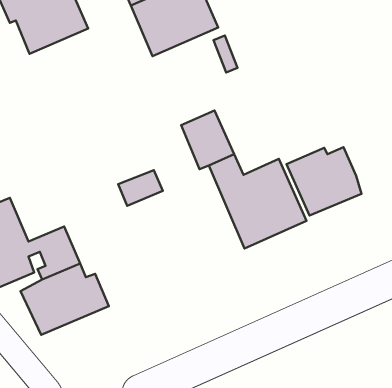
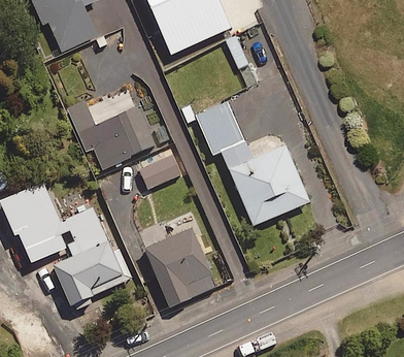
building: none -> [67,102,155,171]
building: [287,147,362,215] -> none
building: none -> [143,214,217,306]

